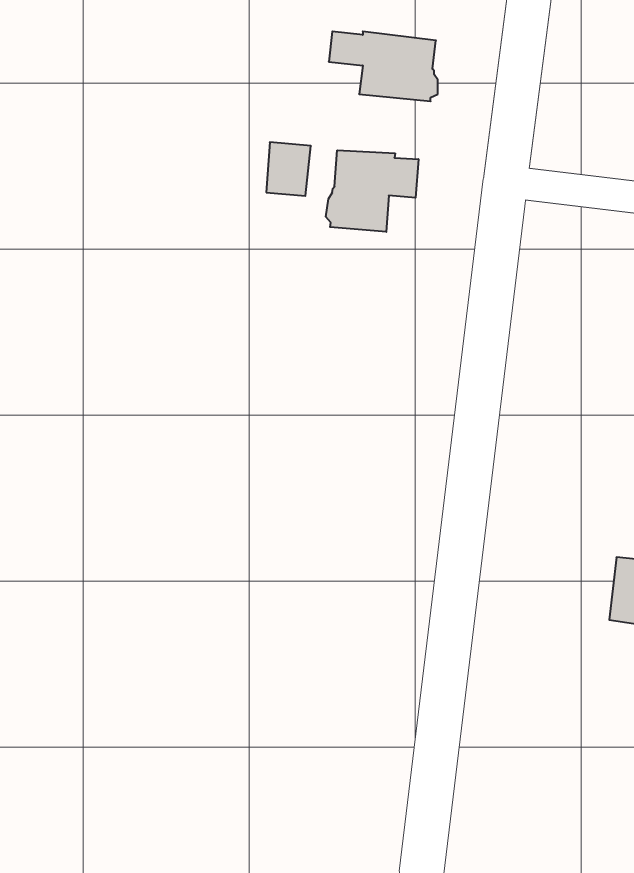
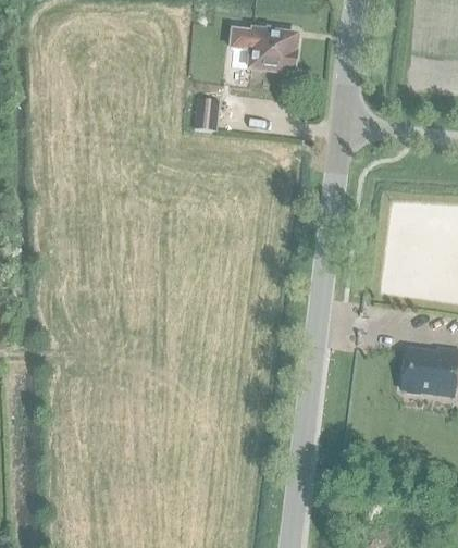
building: [326,150,418,232] -> none

